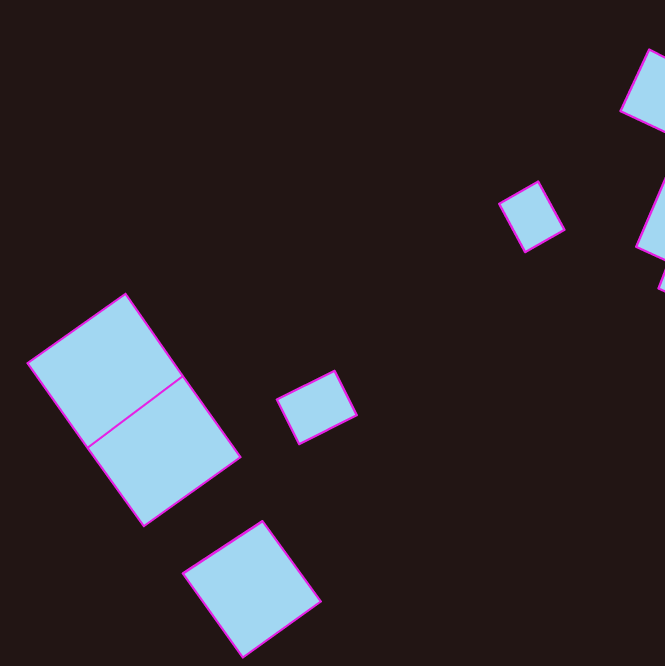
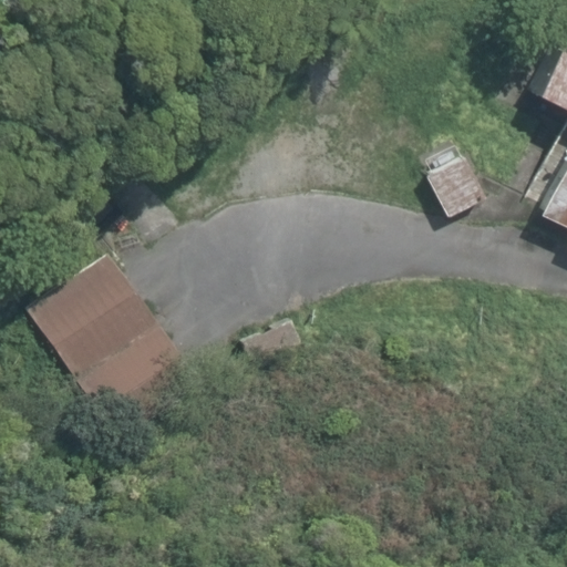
building: [183,521,321,657] -> none

